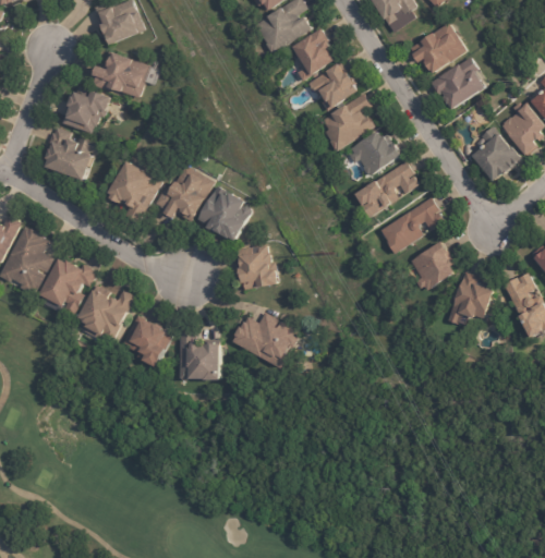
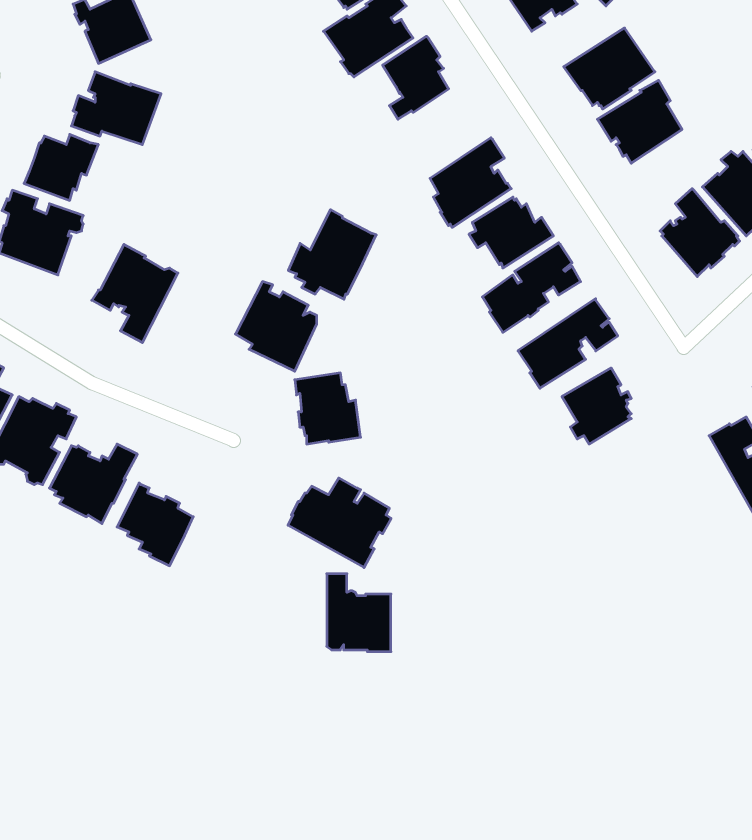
building: [307,63,359,111] -> none
building: [155,163,211,221] -> [288,210,376,299]
building: [447,271,493,324] -> none
building: [178,332,219,383] -> [327,574,391,652]

